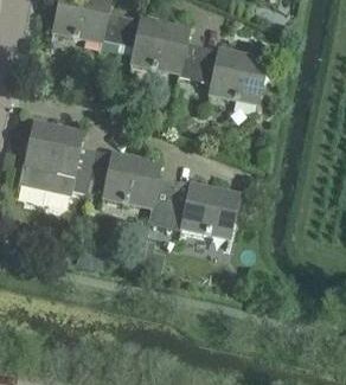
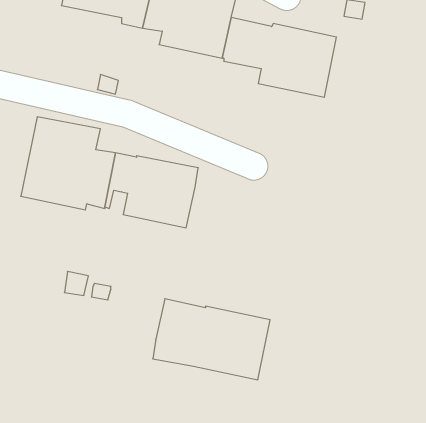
building: [148,177,241,240] -> [153,299,270,380]

